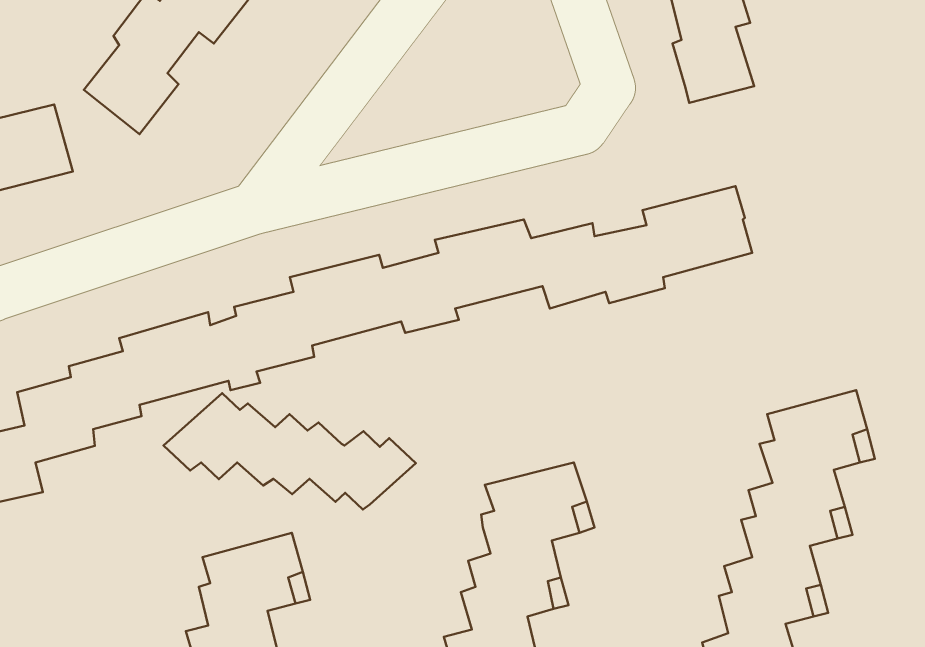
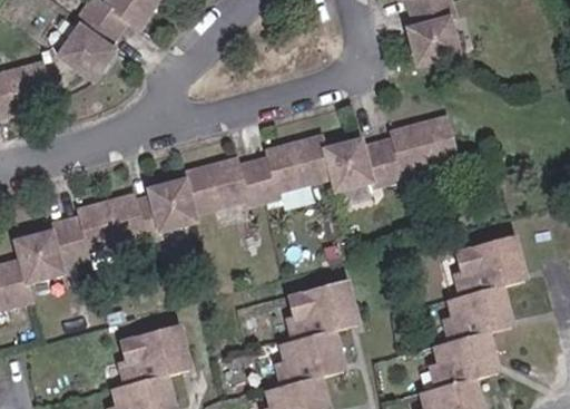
building: [163,393,416,510] -> none

